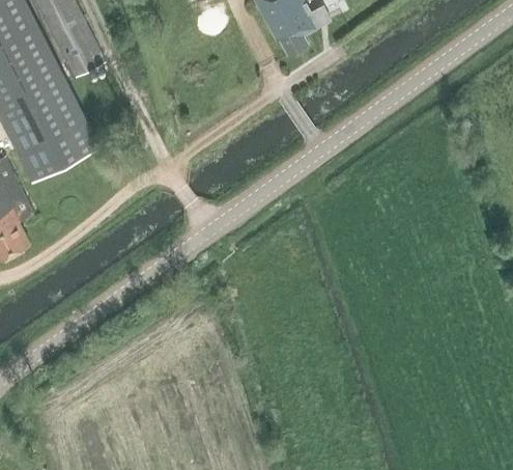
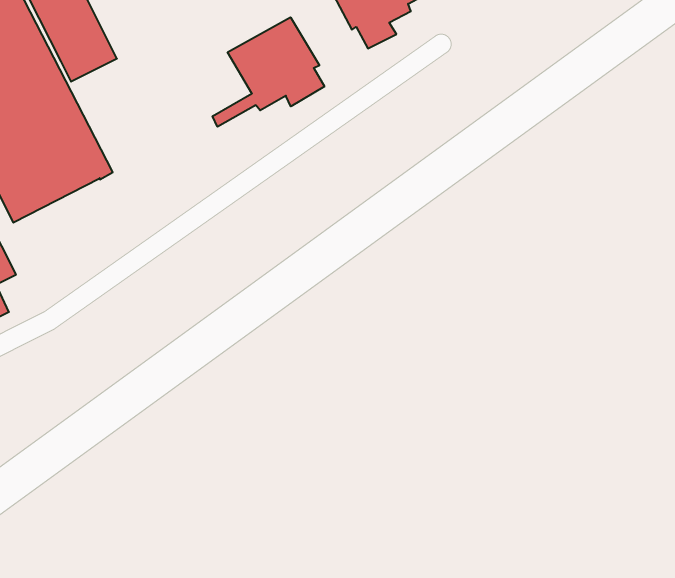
building: none -> [213,17,324,127]

